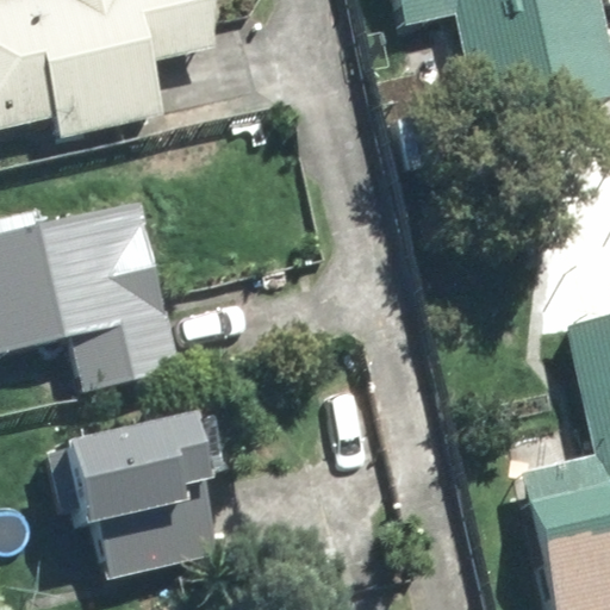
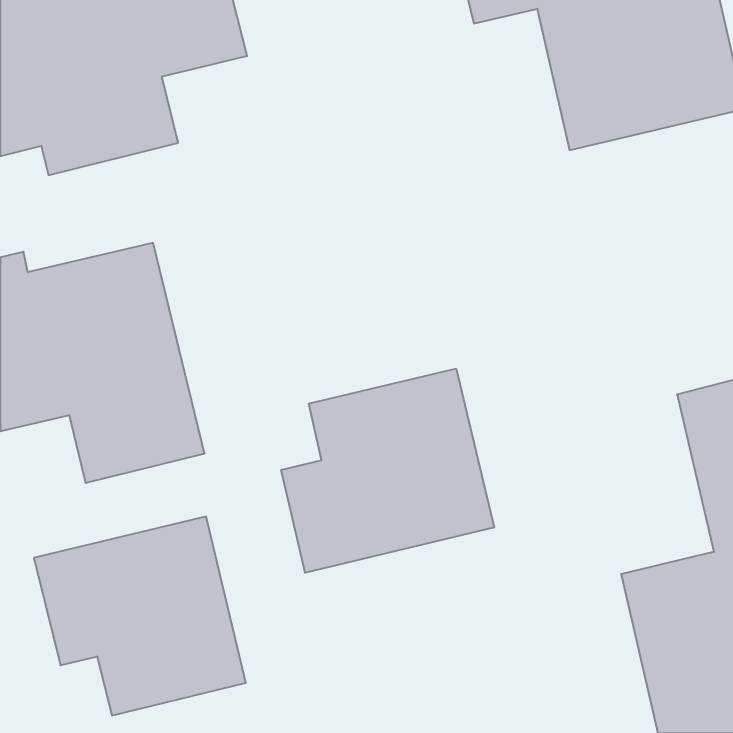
building: none -> [281,369,494,573]

